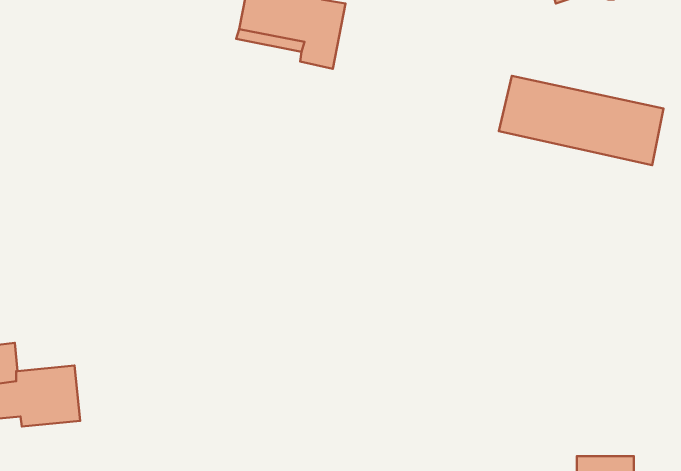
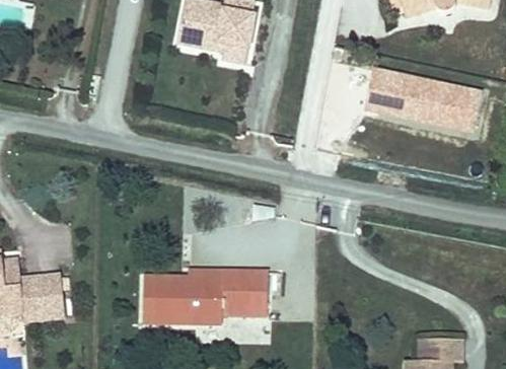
building: none -> [143,270,268,323]

